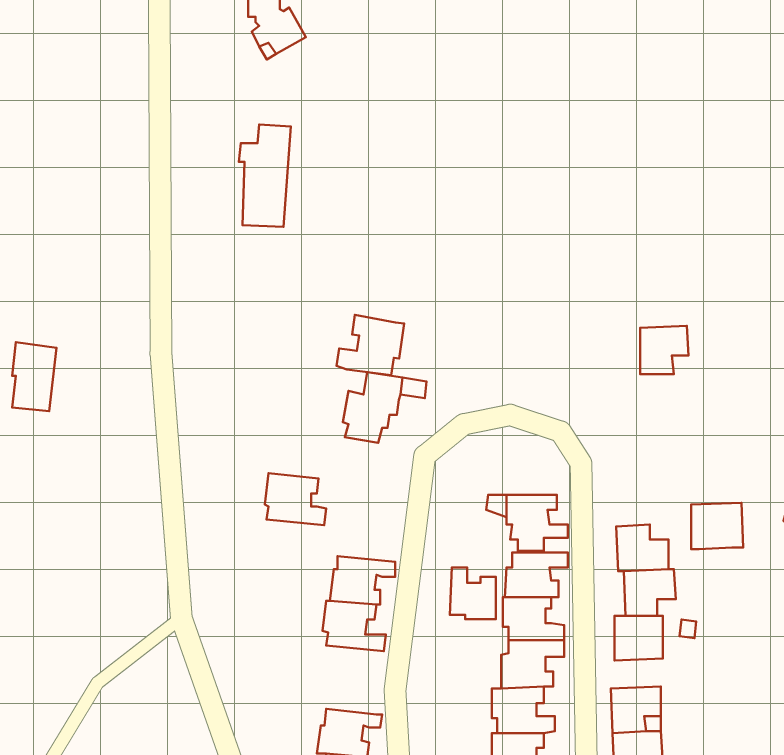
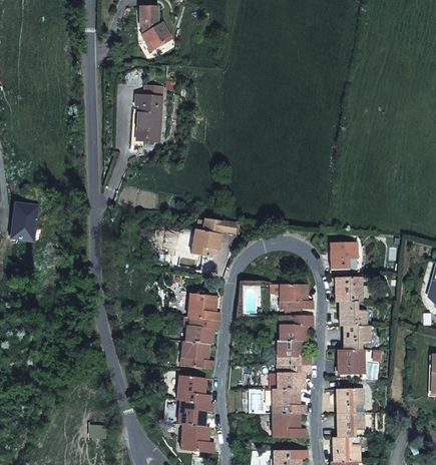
building: [337,315,404,375] -> none
building: [640,326,689,374] -> [331,242,357,268]
building: [265,473,326,525] -> [187,293,221,321]
building: [691,503,743,549] -> [335,277,363,302]
building: [450,568,496,619] -> none
building: none -> [176,376,209,403]

